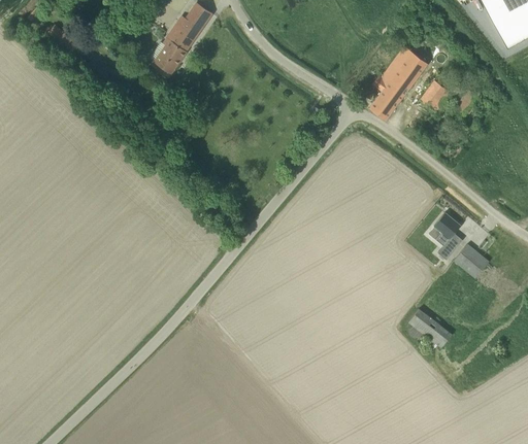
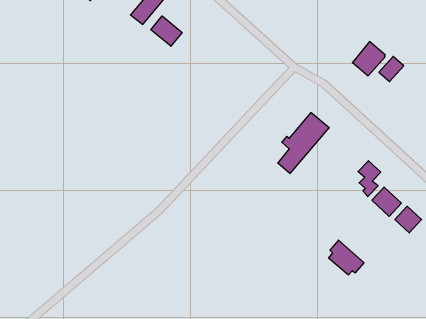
building: [369,46,427,119] -> [278,113,329,173]
building: none -> [151,16,182,46]
building: none -> [395,206,422,233]

